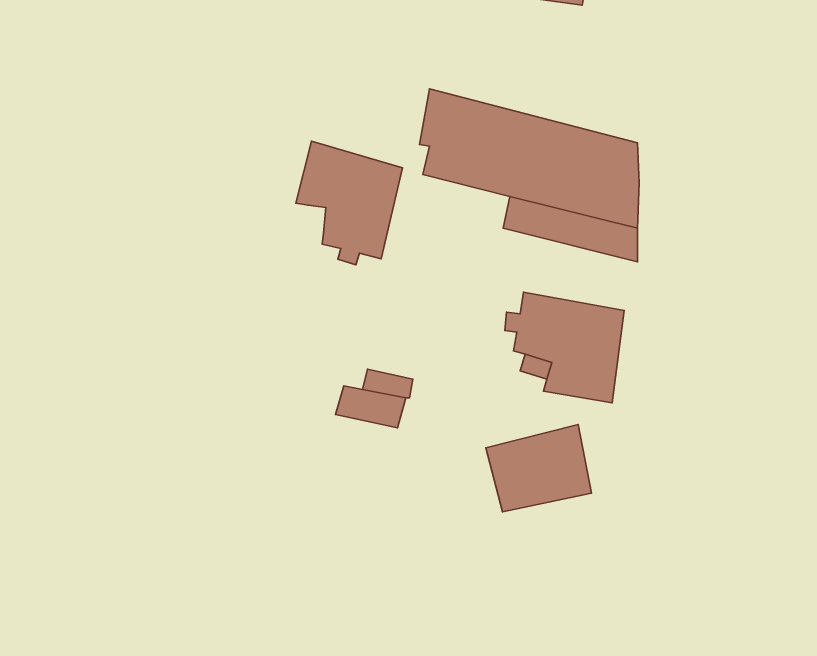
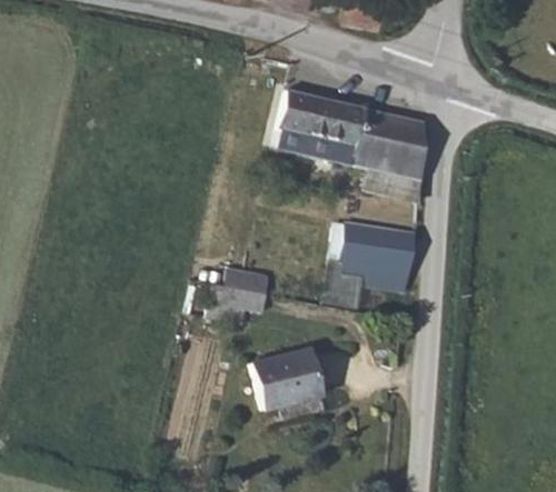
building: [296,141,403,265] -> none
building: [486,424,592,512] -> [248,349,318,406]

